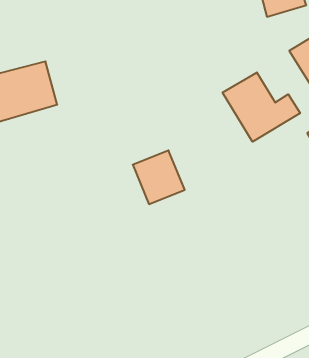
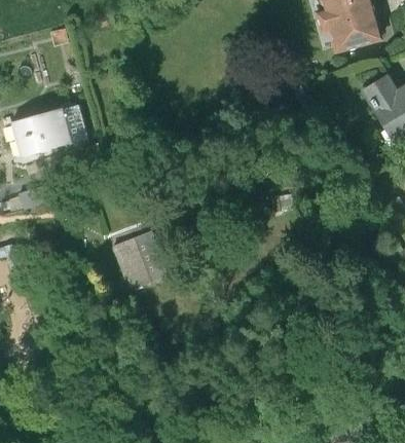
building: [223,72,300,142] -> none
building: [133,150,185,204] -> [114,228,174,290]

